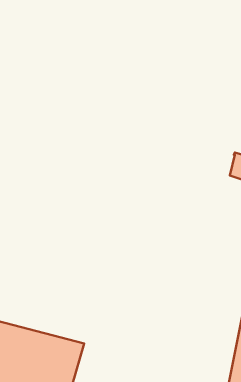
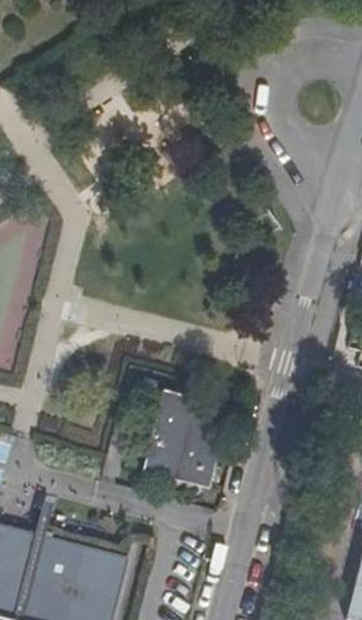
building: none -> [149,395,222,483]

